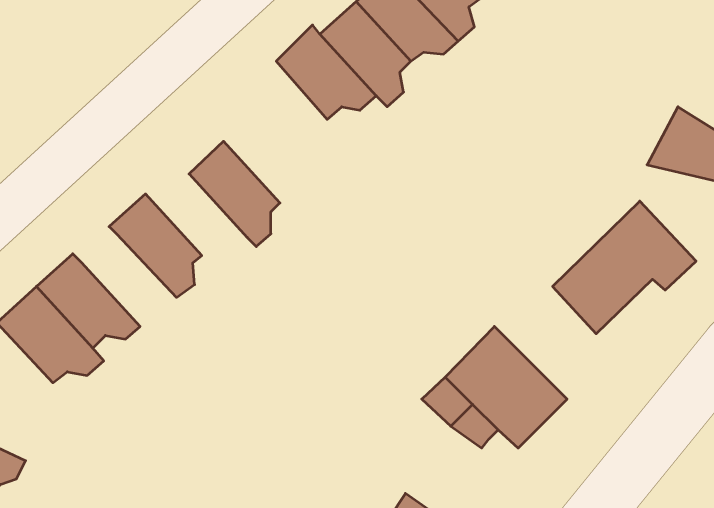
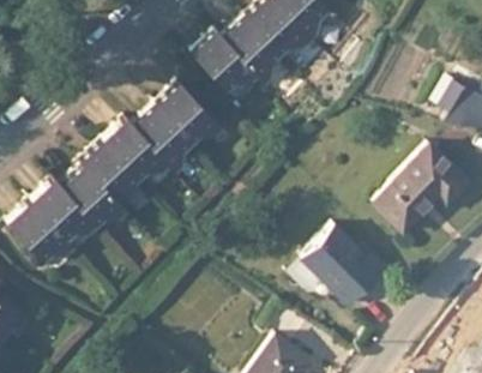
building: none -> [157,80,228,144]
building: none -> [106,118,173,179]
building: none -> [64,164,132,225]

